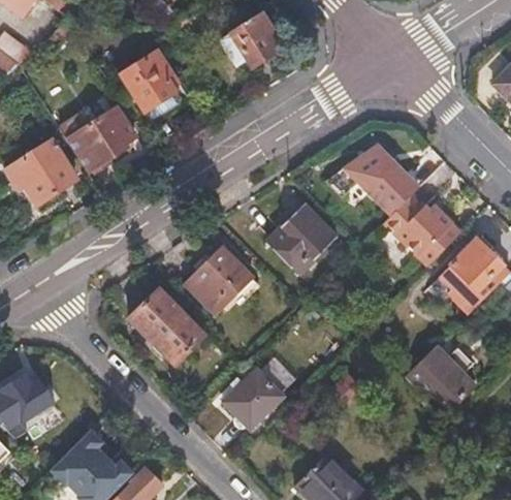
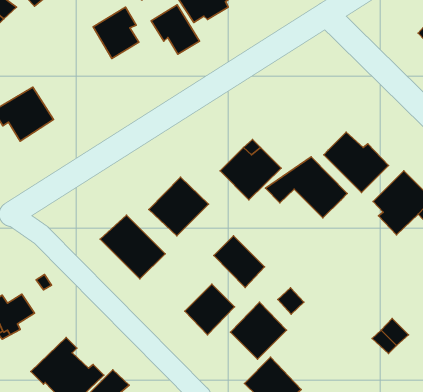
building: none -> [151,5,200,54]
building: [58,107,134,171] -> none
building: [324,145,418,215] -> [265,157,347,218]
building: none -> [214,236,265,287]
building: [405,344,473,407] -> none
building: none -> [230,302,287,359]

